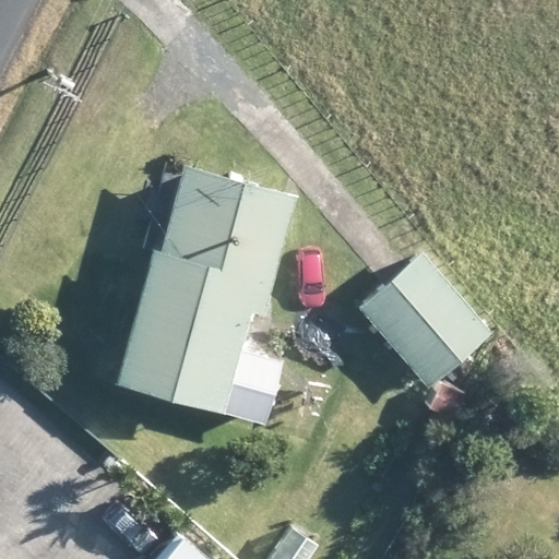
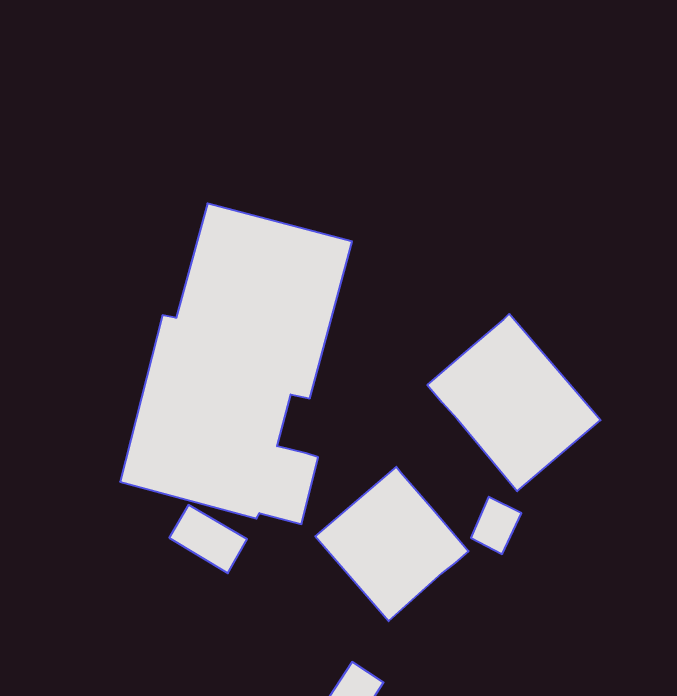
building: none -> [315,467,469,621]

